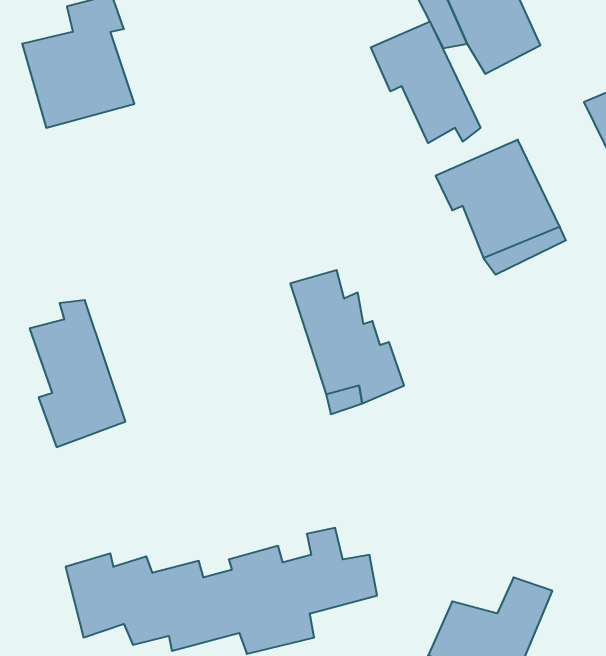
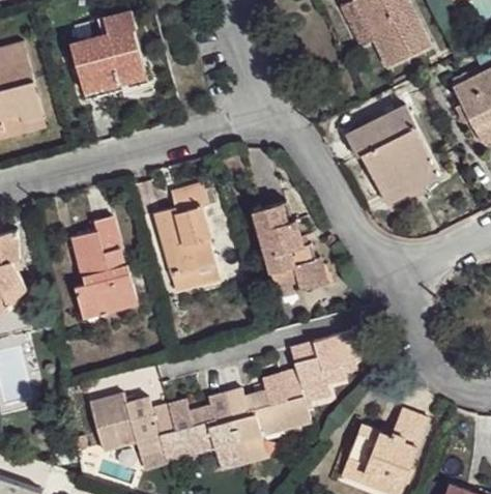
building: [371,22,480,143] -> none
building: none -> [155,192,213,279]
building: none -> [281,328,359,398]

